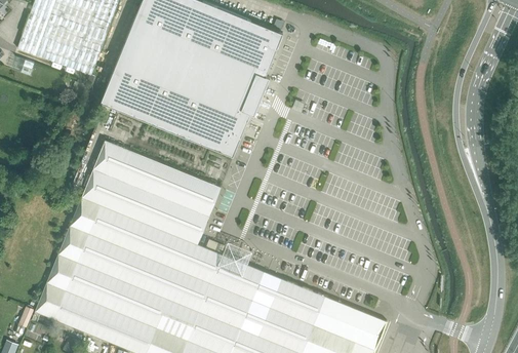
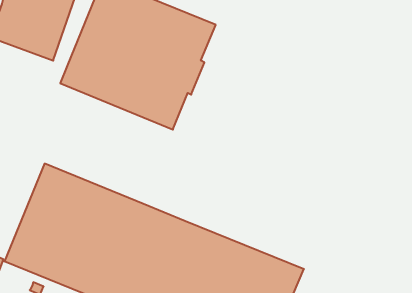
building: [81,138,223,244] -> none

